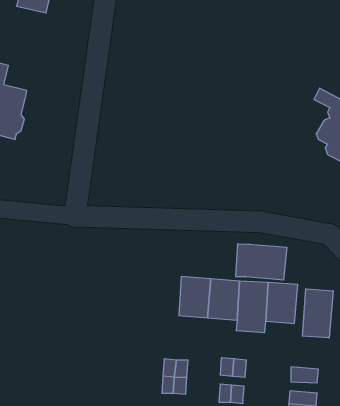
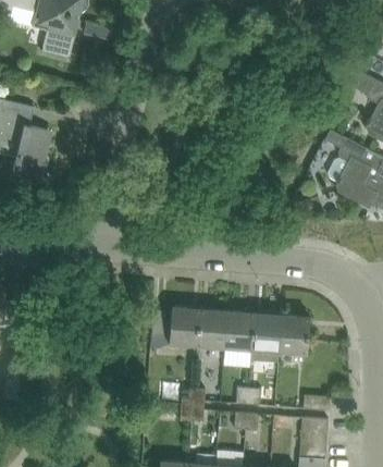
building: [236,244,287,280] -> none
building: none -> [168,307,198,346]
building: [303,289,333,338] -> none

